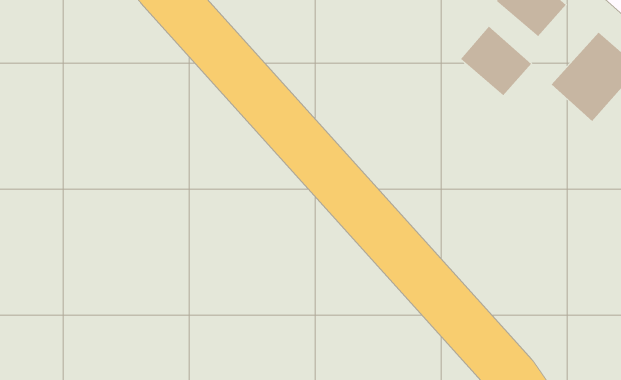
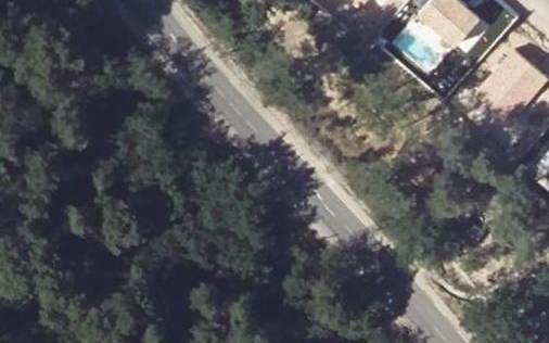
building: [460,26,532,96] -> none

